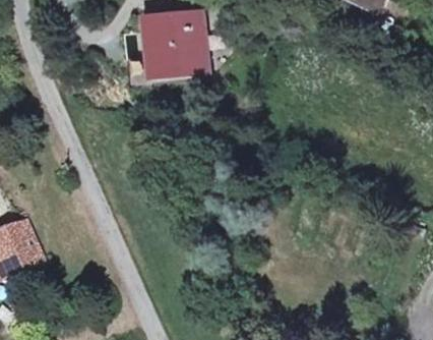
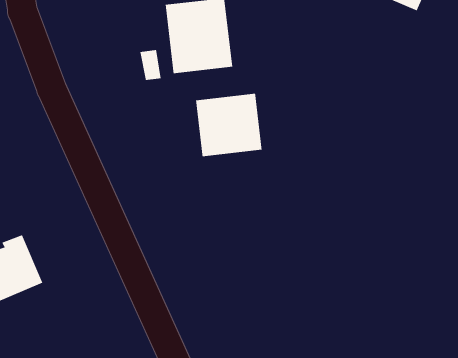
building: none -> [195,93,262,157]

